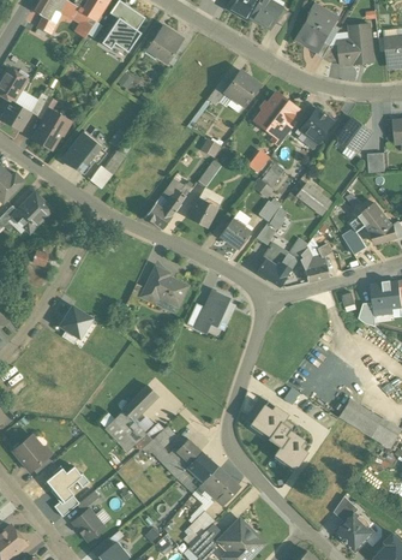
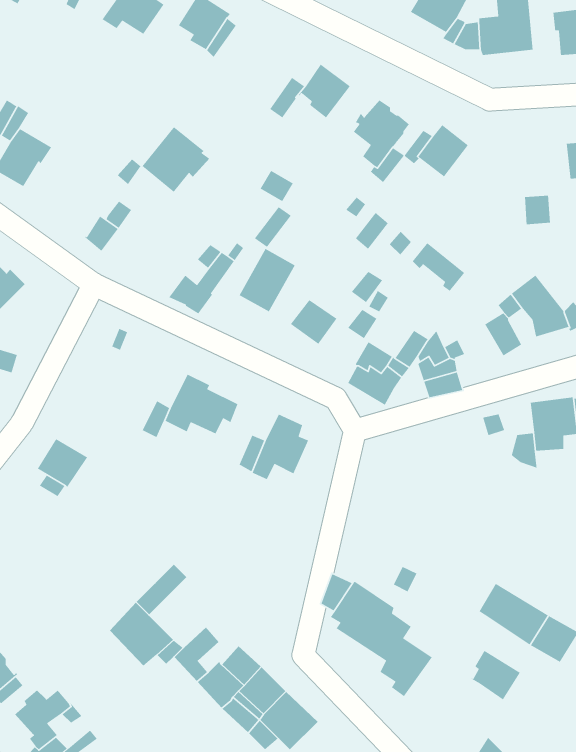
building: [340,118,371,150] -> none
building: [64,131,107,173] -> [142,126,210,193]
building: none -> [466,650,521,700]

